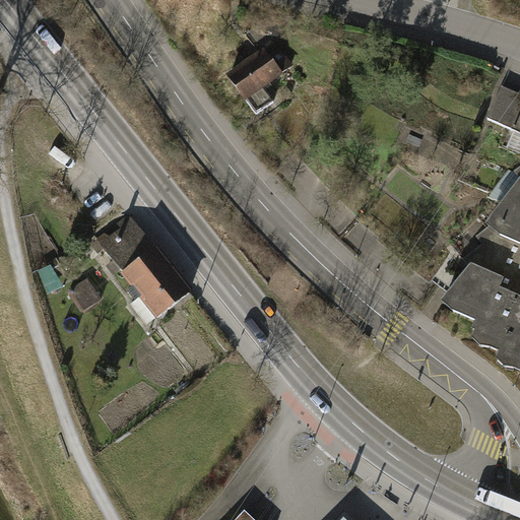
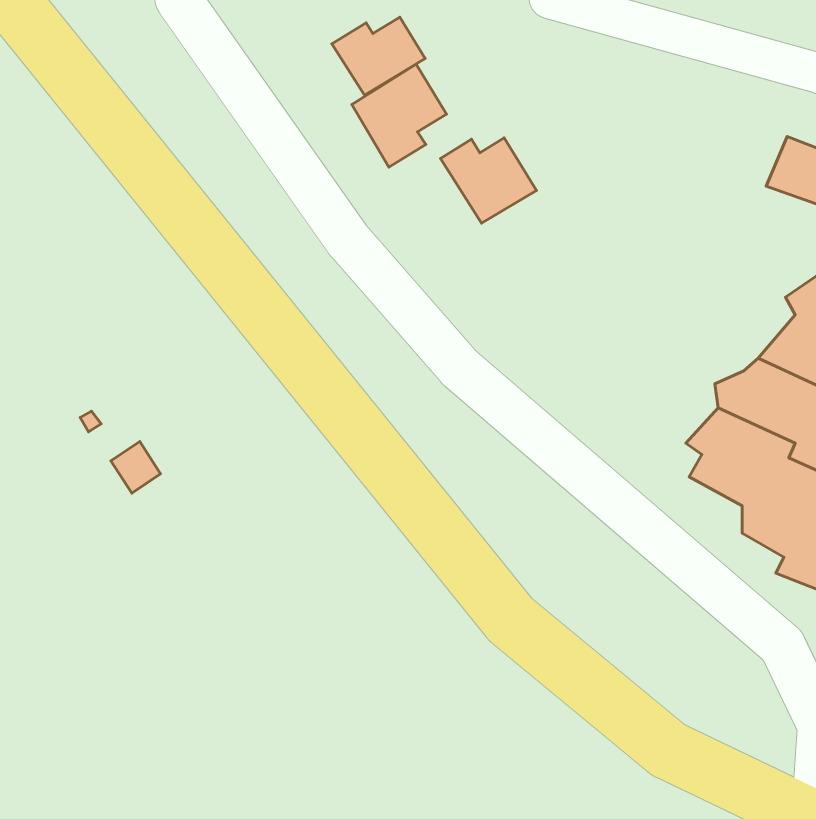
building: none -> [332,17,425,95]
building: none -> [440,138,536,223]
building: [95,216,193,324] -> none

